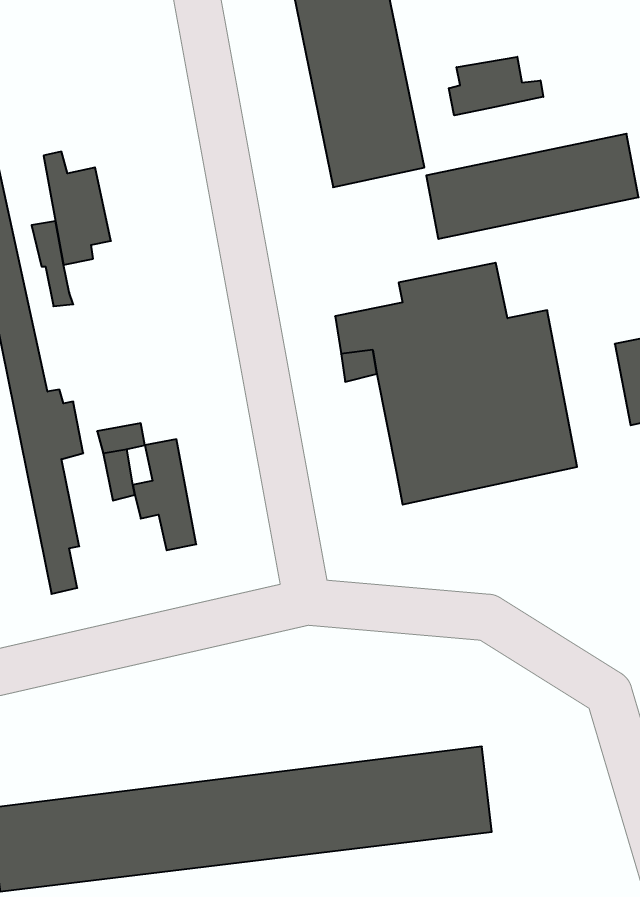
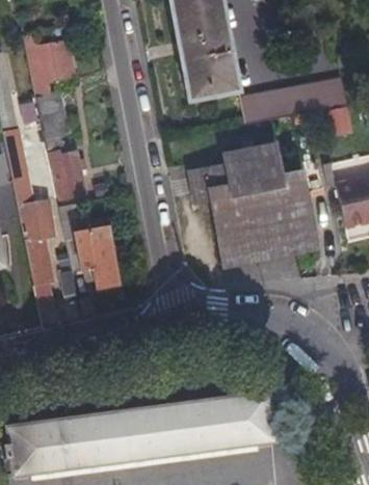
building: [449,57,543,115] -> none
building: none -> [27,34,76,84]
building: none -> [51,153,90,201]

